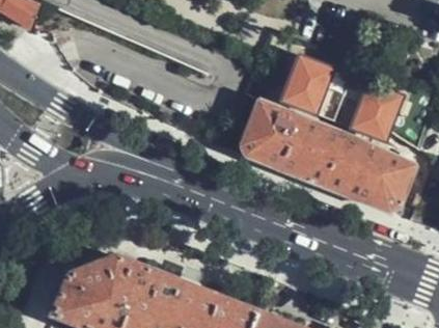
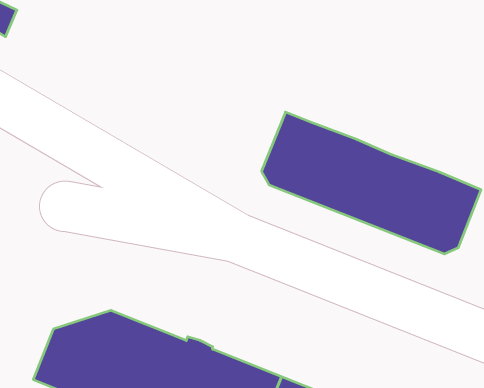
building: [282,50,410,143] -> none

